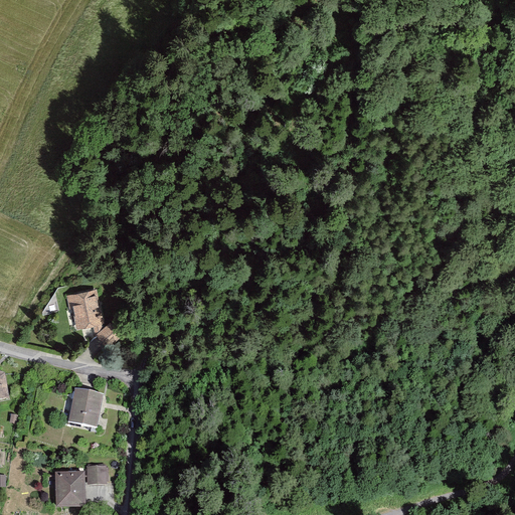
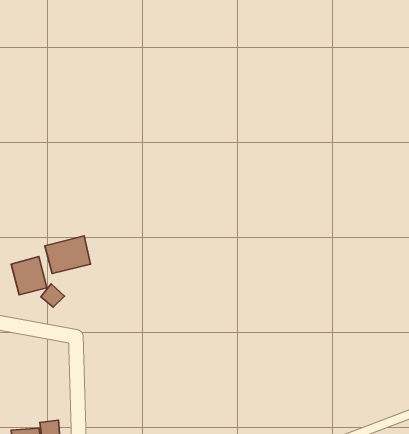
building: none -> [45,236,91,274]
building: [71,389,104,426] -> none

